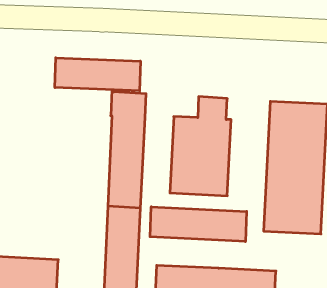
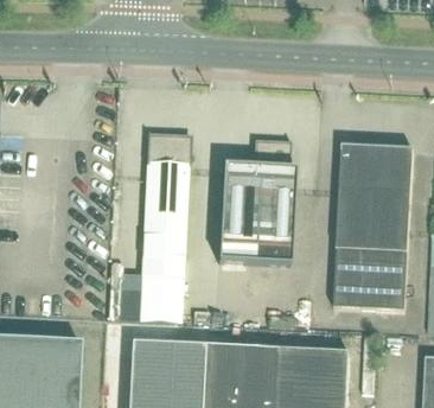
building: [55,58,140,91] -> none
building: [150,207,247,242] -> none

